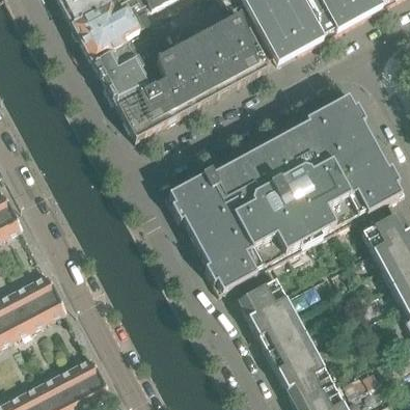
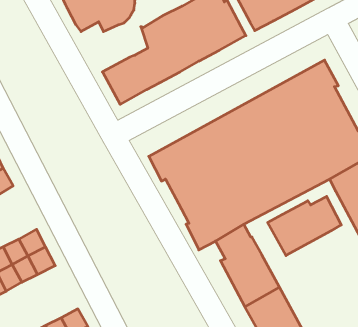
building: [95,52,153,105] -> none
building: none -> [268,196,341,256]

